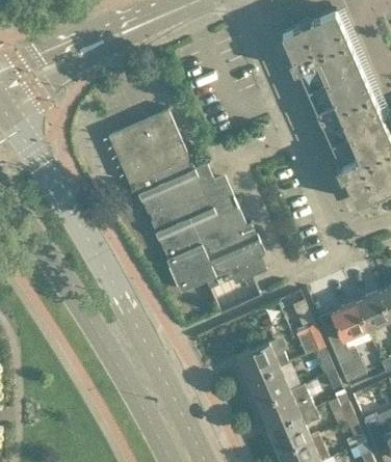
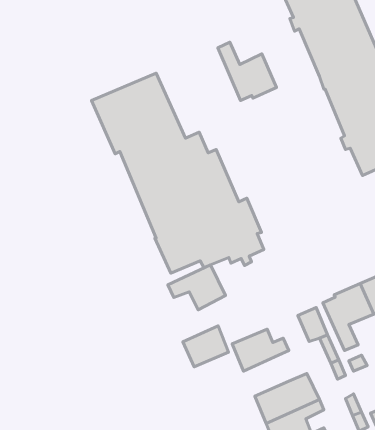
building: none -> [218,42,276,100]
building: none -> [168,265,226,310]
building: [247,368,289,405] -> [183,326,228,367]

